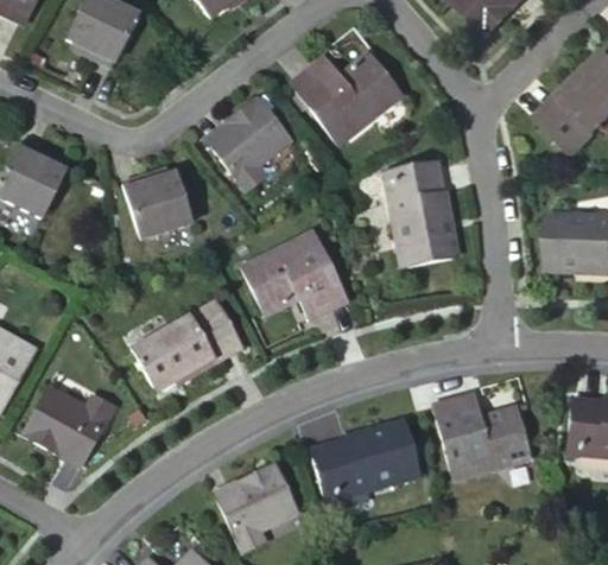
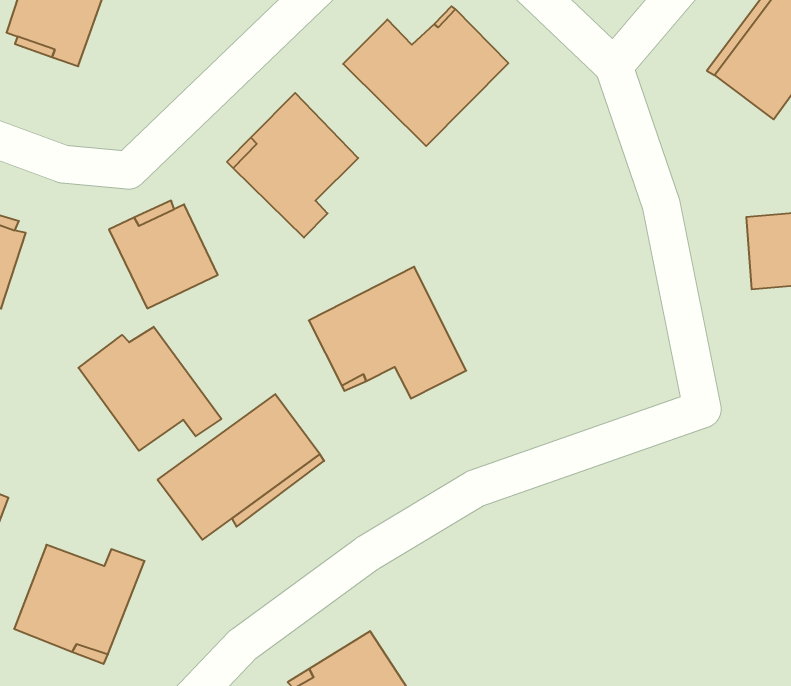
building: [387,160,455,266] -> none
building: none -> [78,327,221,451]
building: [424,395,522,485] -> none
building: [303,424,408,497] -> none

